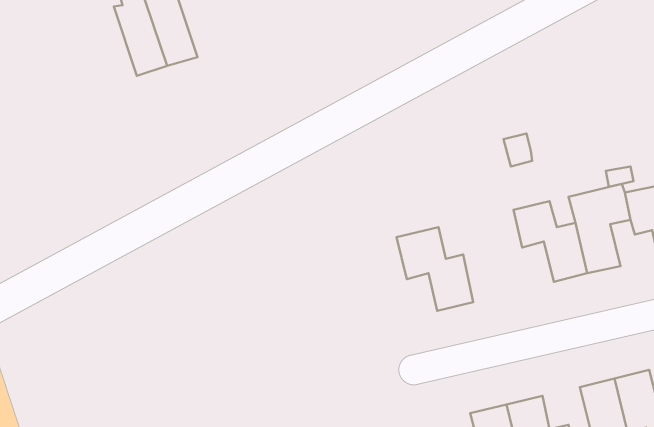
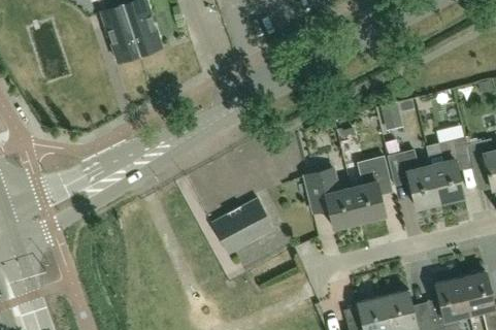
building: none -> [351,156,391,222]
building: none -> [212,198,274,253]

